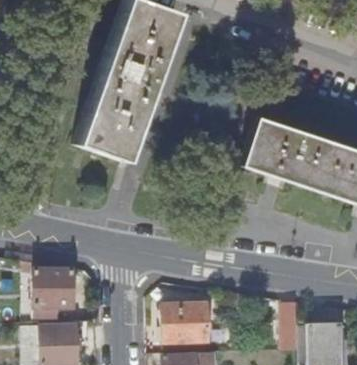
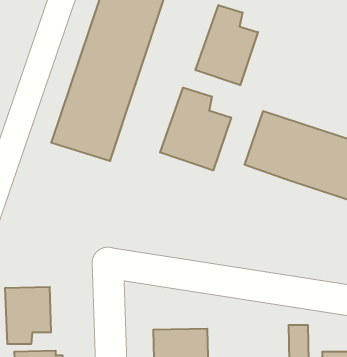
building: none -> [196,5,258,85]
building: none -> [160,88,231,170]

